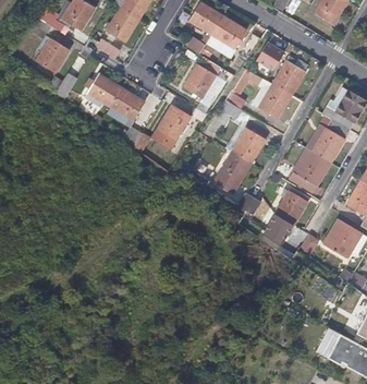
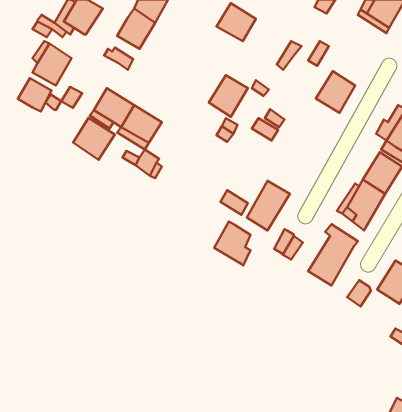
building: [211,16,245,48] -> none
building: none -> [18,78,52,111]
building: [259,83,292,119] -> none
building: none -> [73,118,115,160]
building: [157,105,188,139] -> none
building: [232,129,265,163] -> none
building: none -> [214,222,250,265]

